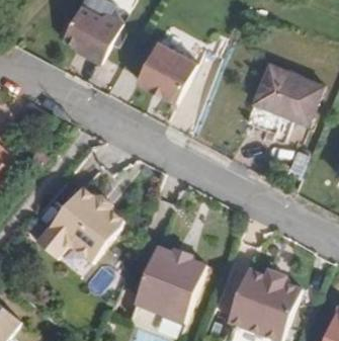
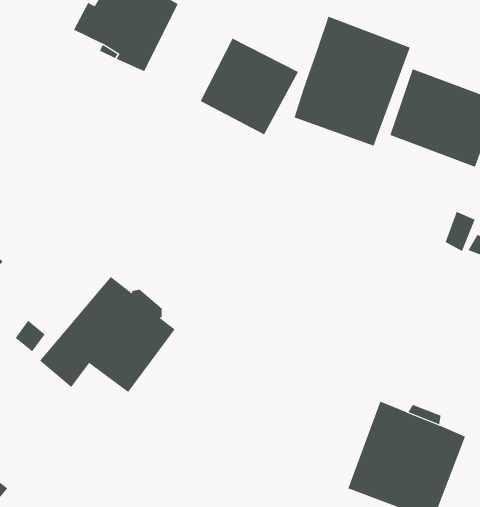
building: none -> [294,16,411,147]
building: [134,248,206,325] -> none

